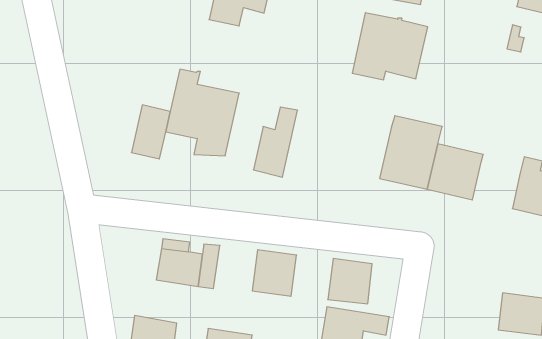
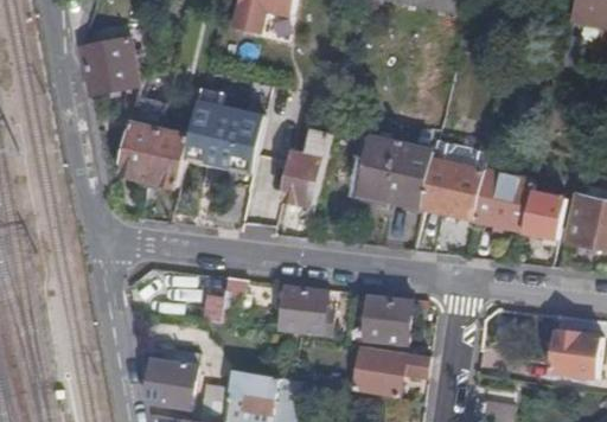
building: [352,13,428,80] -> [349,134,432,207]
building: none -> [81,38,136,92]
building: none -> [116,120,158,178]
building: none -> [520,188,564,237]

